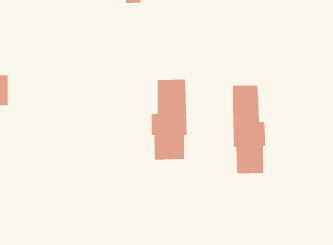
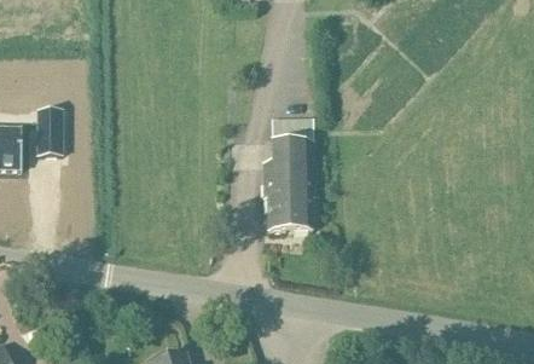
building: [232,85,266,174] -> none

